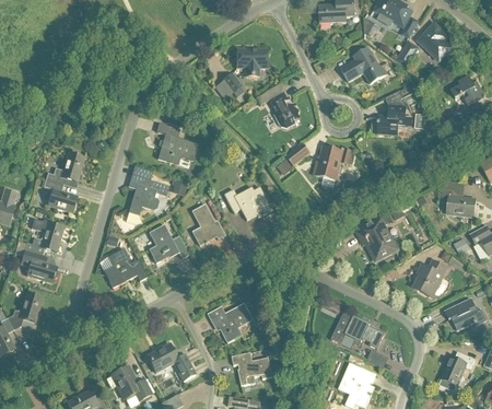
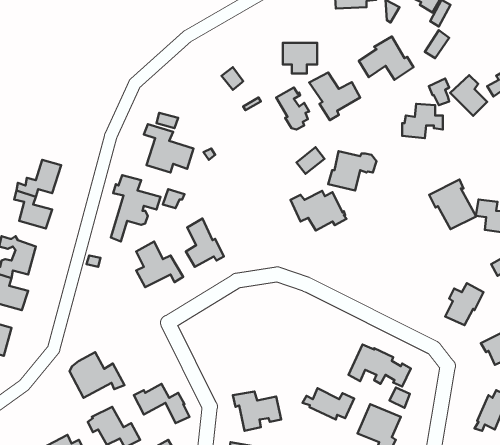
building: [419,24,450,59] -> [450,75,487,116]
building: [237,48,267,74] -> [283,43,317,74]
building: none -> [309,72,360,120]
building: [224,186,272,220] -> [290,191,346,230]
building: [356,217,397,259] -> [429,179,476,229]
building: [101,248,148,288] -> [70,352,124,398]
building: [208,303,254,342] -> none
building: none -> [302,388,354,419]

